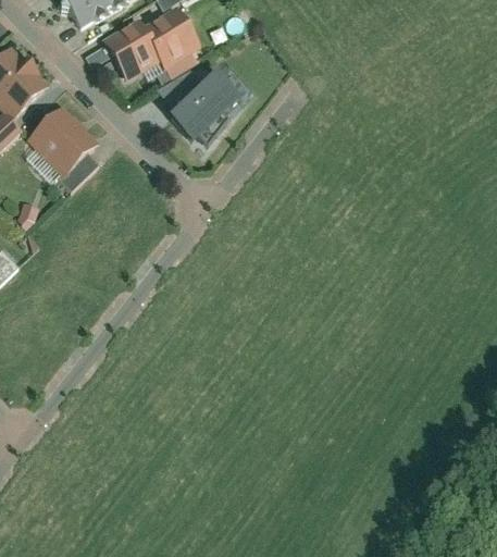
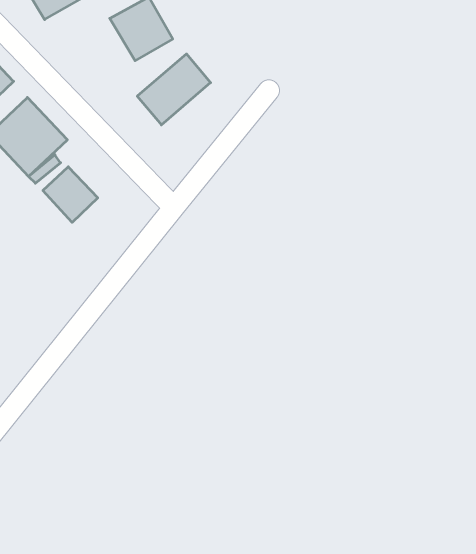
building: [100,22,160,83] -> none
building: none -> [43,167,98,222]

